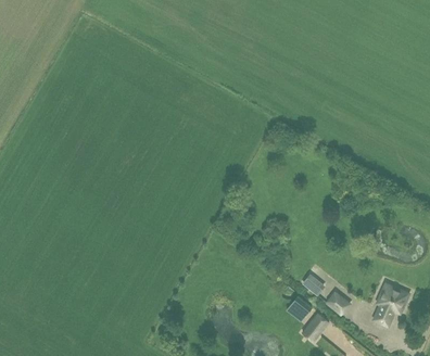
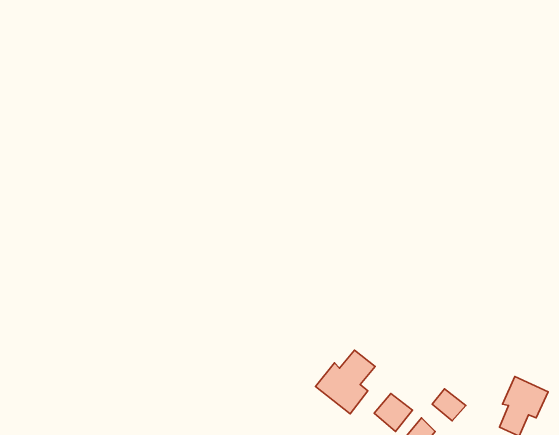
building: none -> [316,350,375,414]

